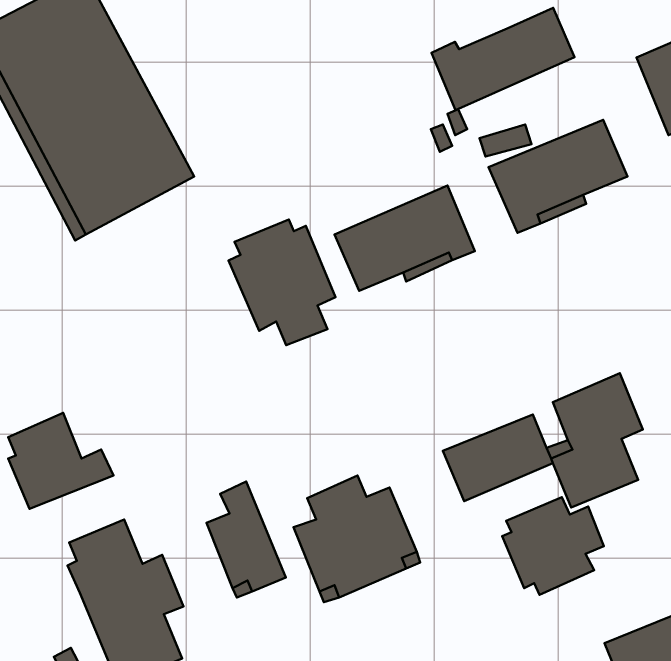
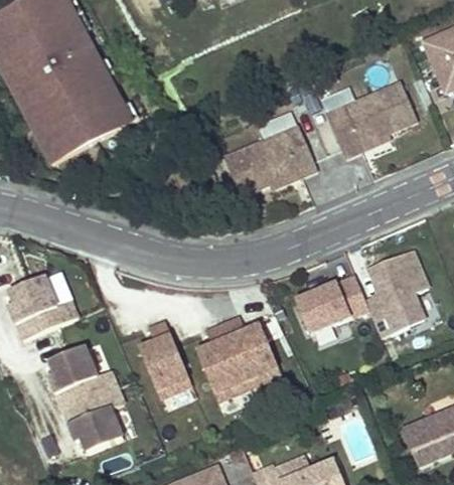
building: [431,8,574,110] -> none
building: [229,219,336,345] -> none
building: [502,497,604,595] -> none

